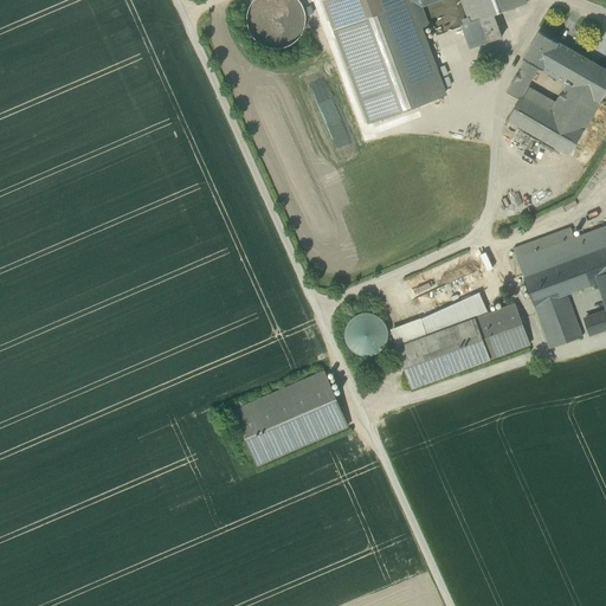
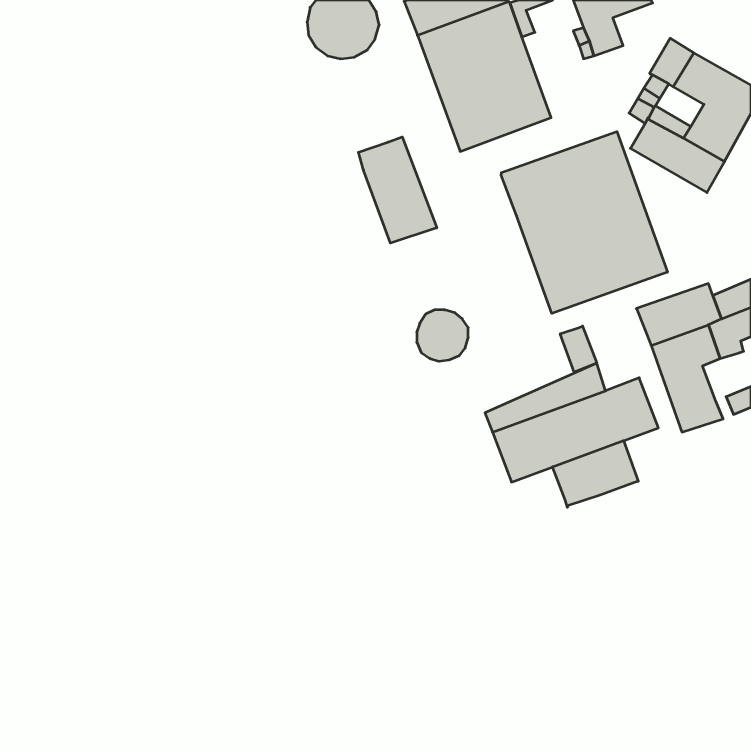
building: none -> [501,132,667,313]
building: none -> [358,137,437,243]
building: none -> [560,326,597,372]
building: [346,314,387,355] -> [417,310,468,361]
building: none -> [553,441,638,507]
building: [234,372,348,465] -> none

